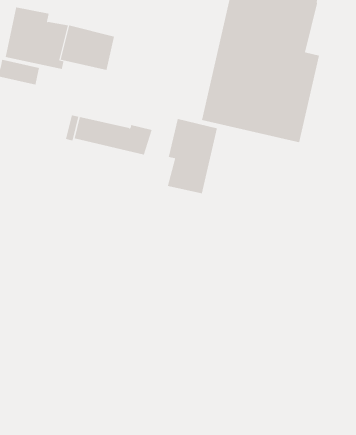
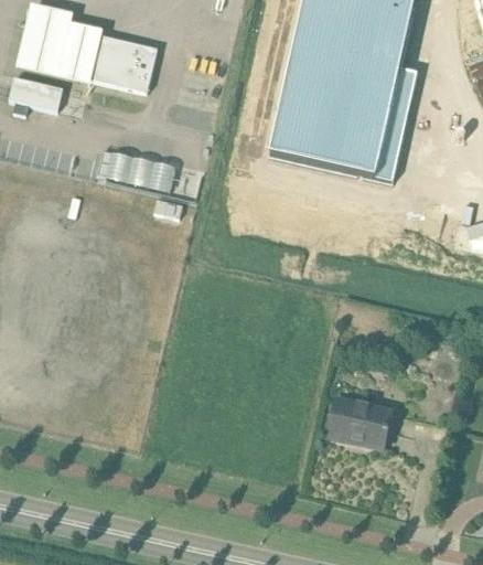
building: [167,118,218,194] -> none
building: none -> [326,397,390,447]

